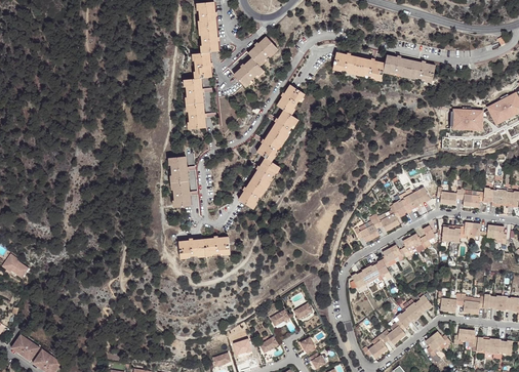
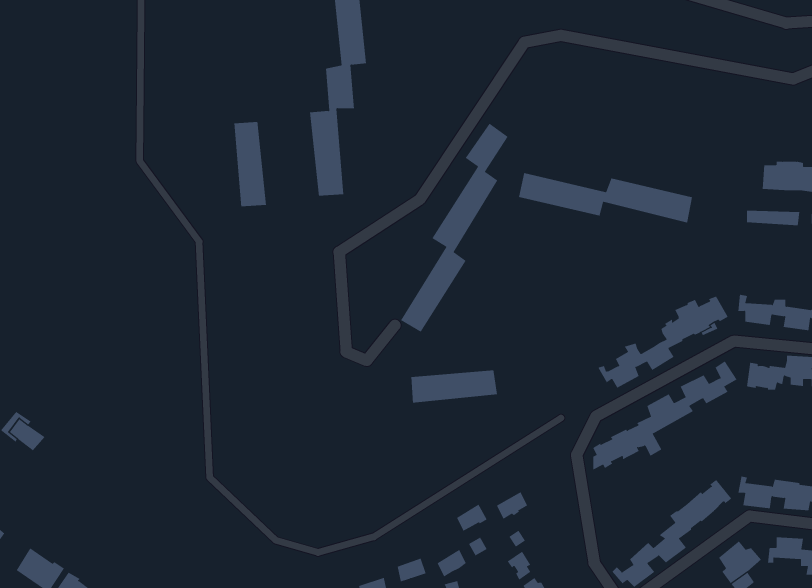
building: [233,35,278,86] -> none
building: [333,54,436,84] -> [518,173,693,223]
building: [170,157,190,207] -> [234,121,267,207]
building: [178,239,230,258] -> [410,370,498,403]

